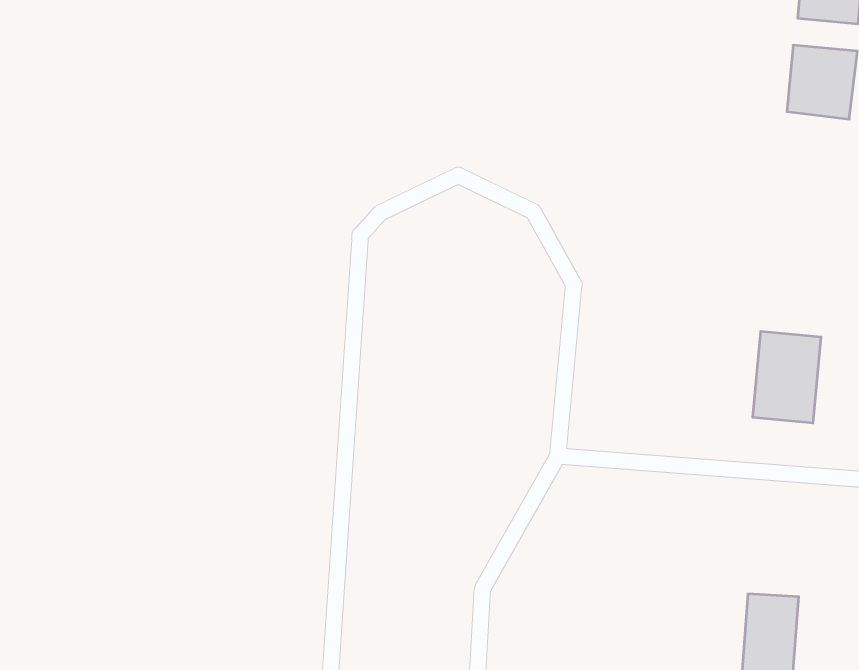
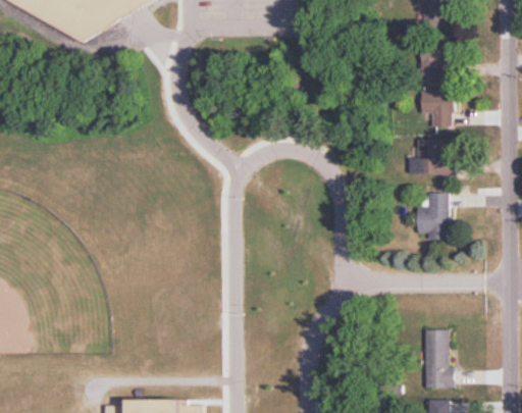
building: none -> [422,91,454,127]
building: none -> [410,139,455,174]

